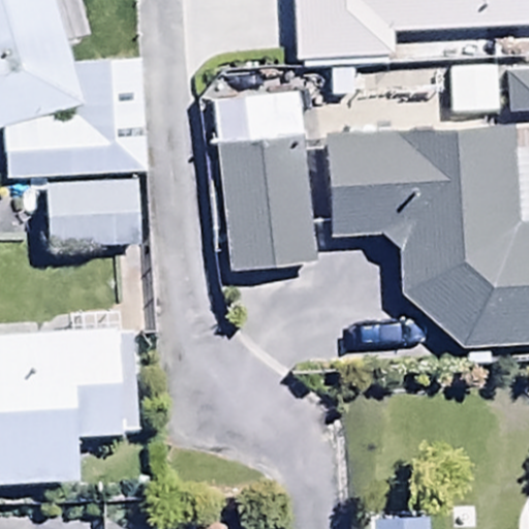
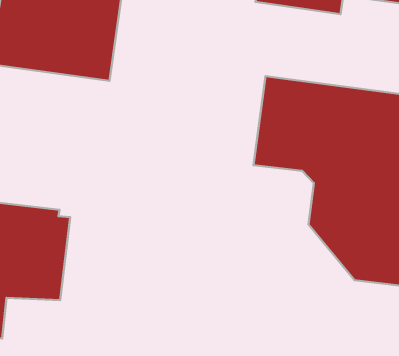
building: [214,94,315,266] -> none
building: [46,180,141,247] -> none

